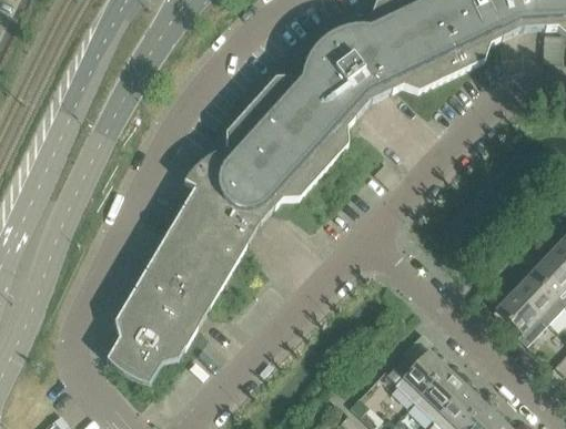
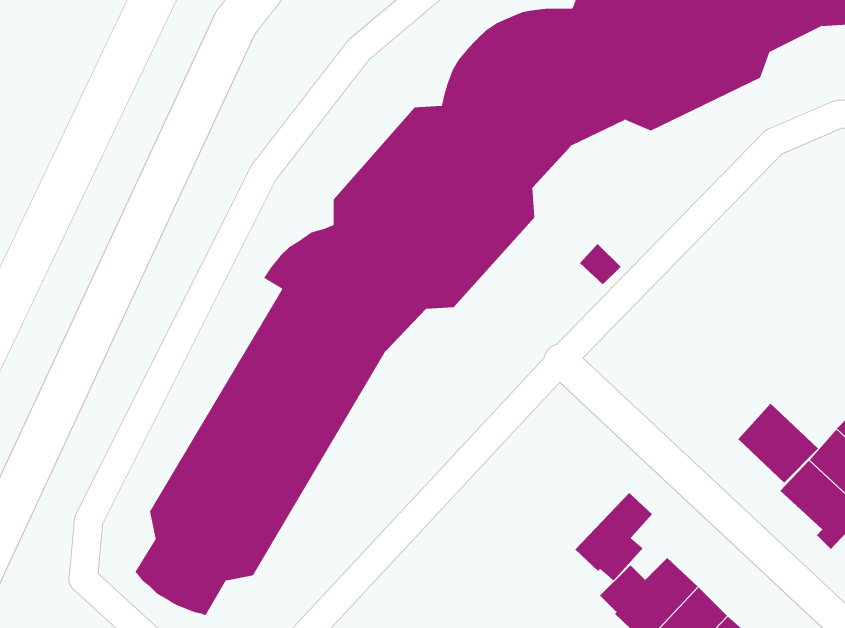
building: none -> [738,403,819,483]
building: none -> [575,492,653,582]

